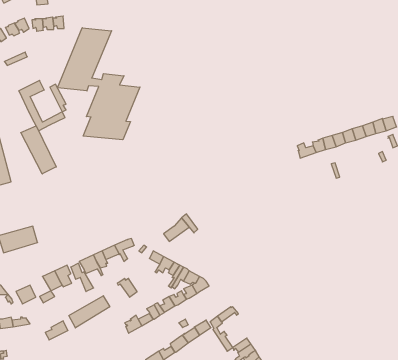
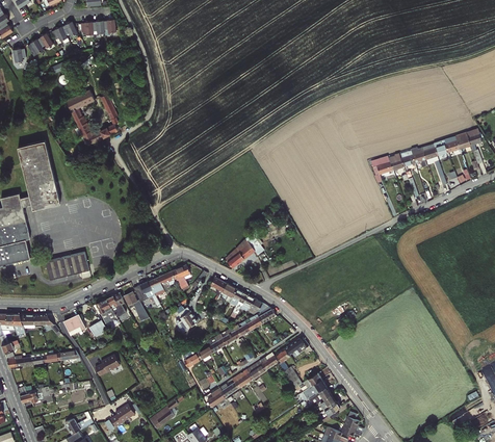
building: [58,28,140,140] -> none
building: [21,126,56,174] -> none
building: [69,296,110,328] -> none

